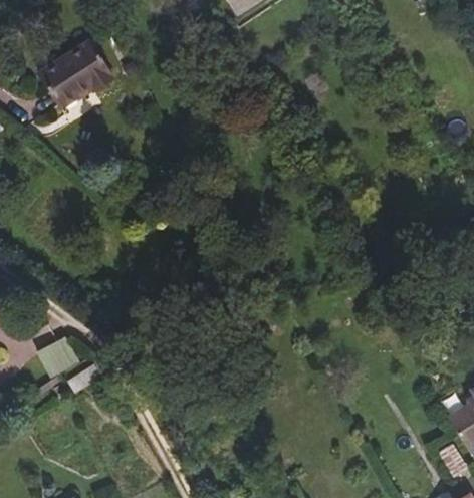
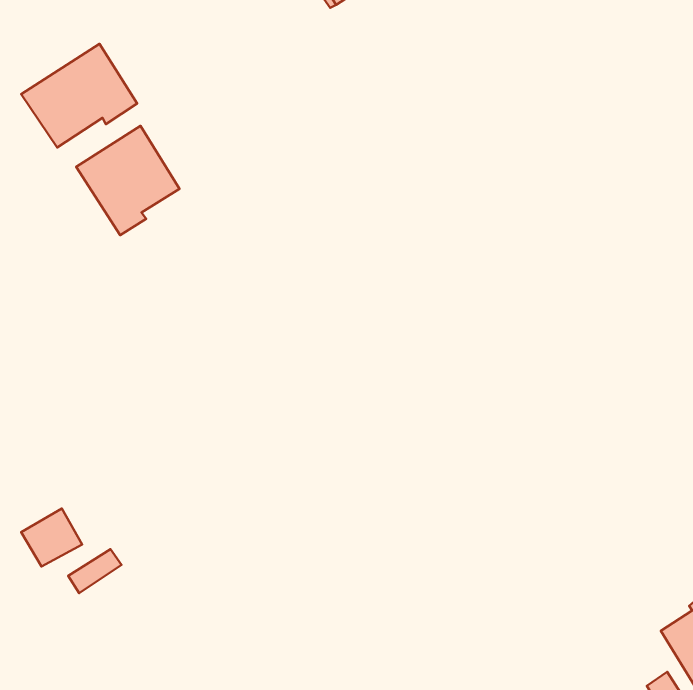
building: none -> [76,126,179,235]

